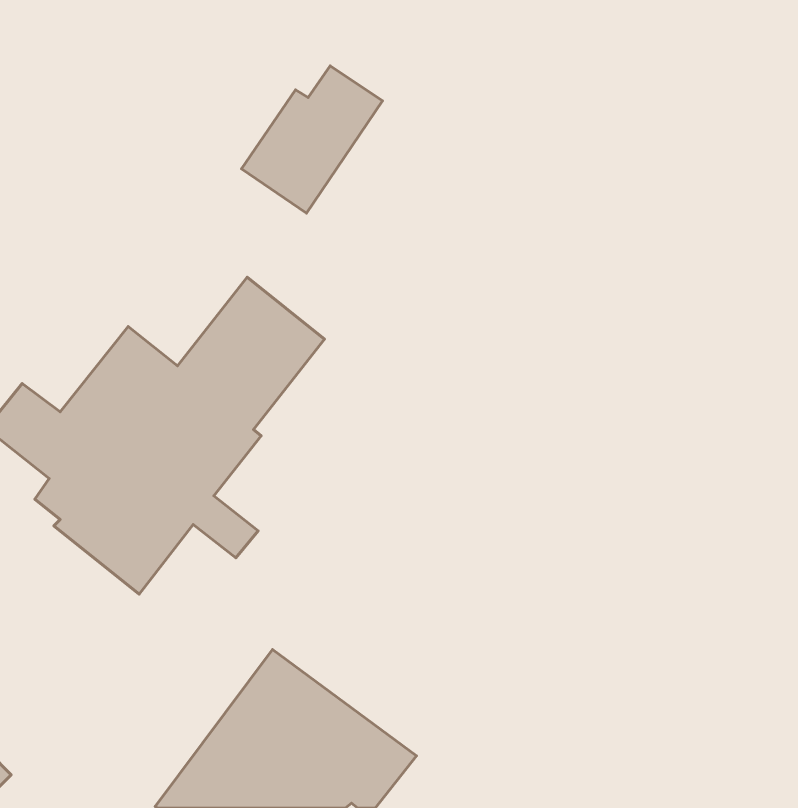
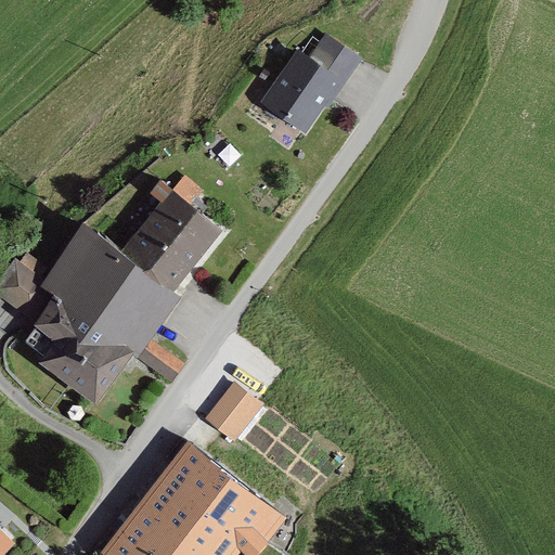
building: [242,66,383,213] -> [260,34,357,134]
building: none -> [201,384,253,438]

